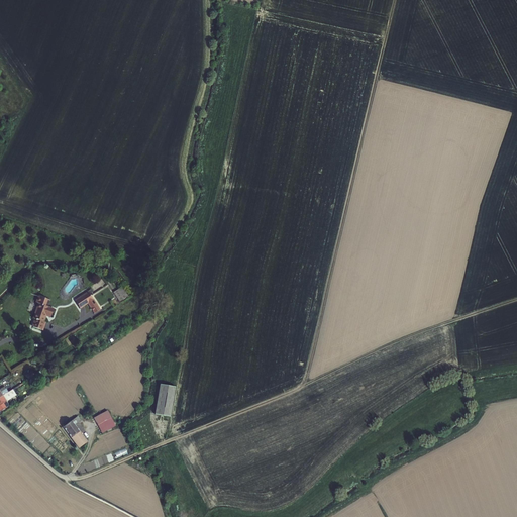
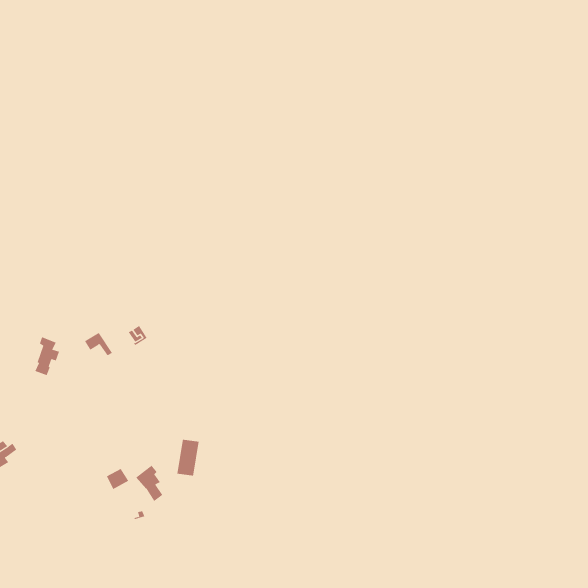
building: [62,415,86,447] -> [136,465,163,502]

